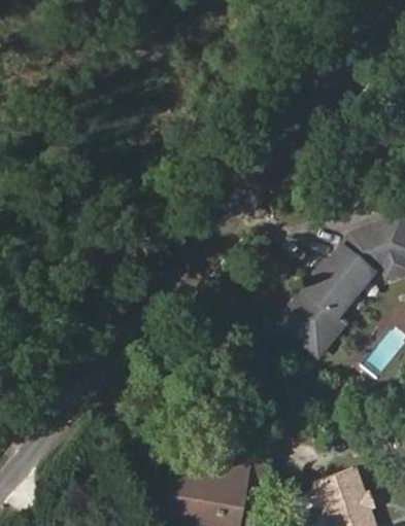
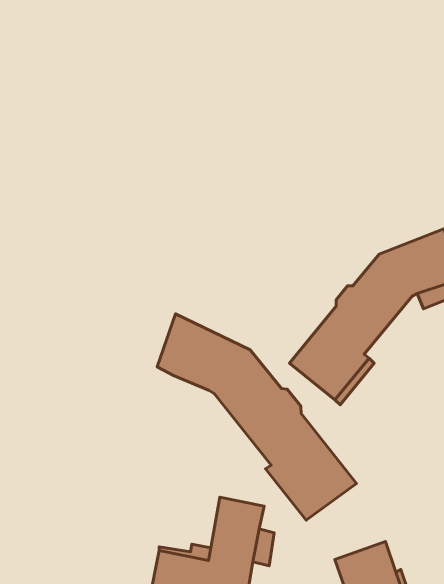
building: none -> [157,314,357,520]

